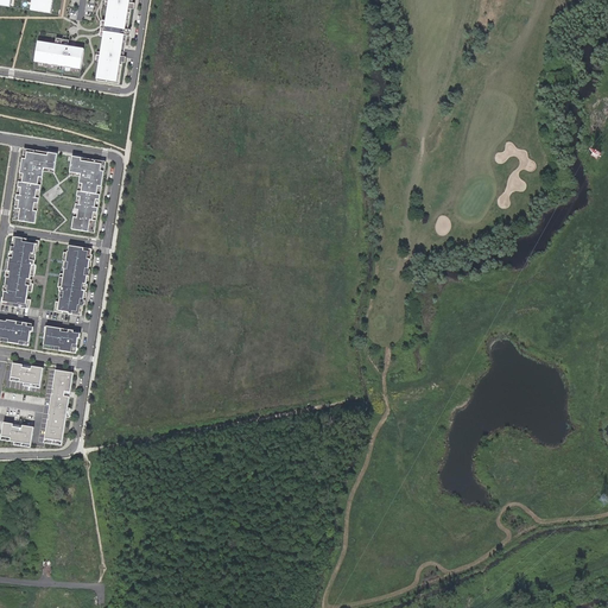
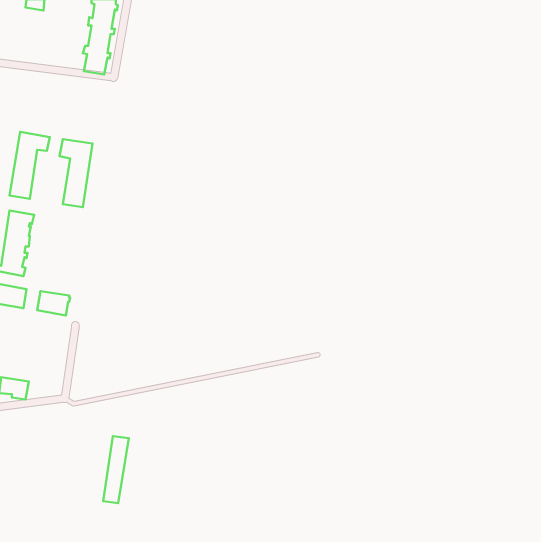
building: [32,37,82,68] -> none
building: [51,245,90,317] -> none
building: [8,362,42,387] -> none
building: [43,369,71,444] -> [103,436,129,503]

